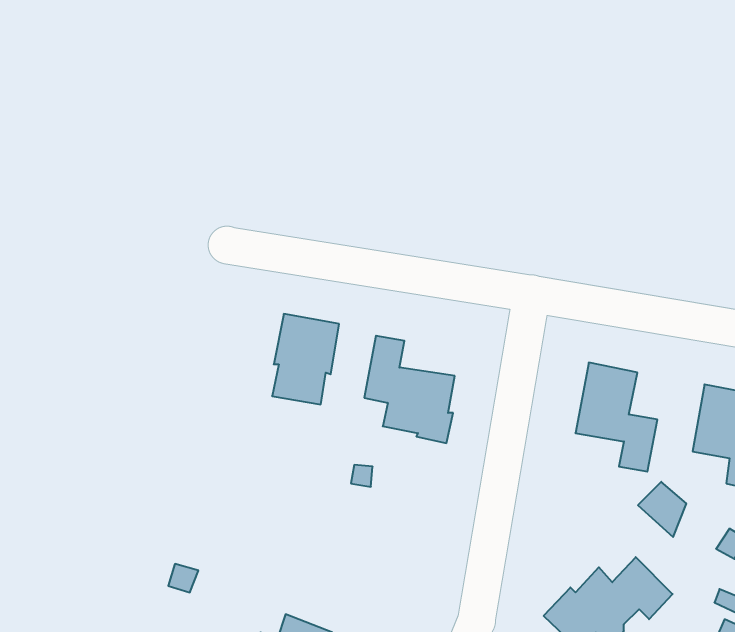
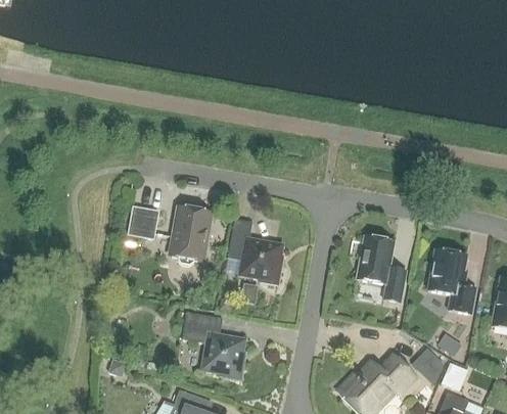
building: none -> [129,206,159,237]
building: [638,482,686,537] -> [413,349,443,382]
building: none -> [182,311,246,379]

